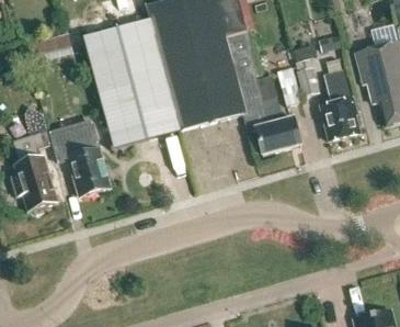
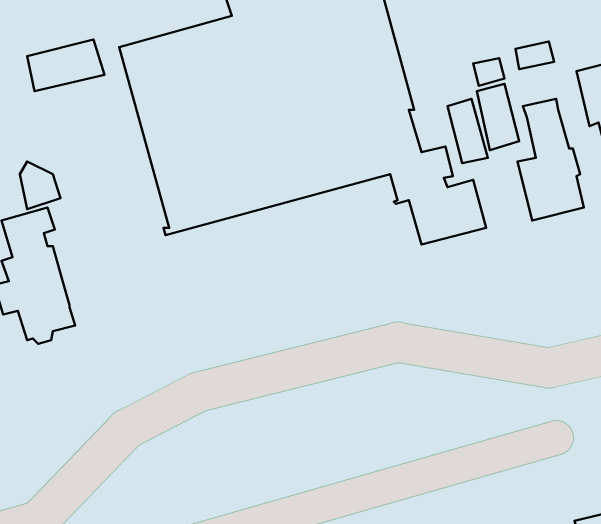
building: [48,121,108,194] -> none

